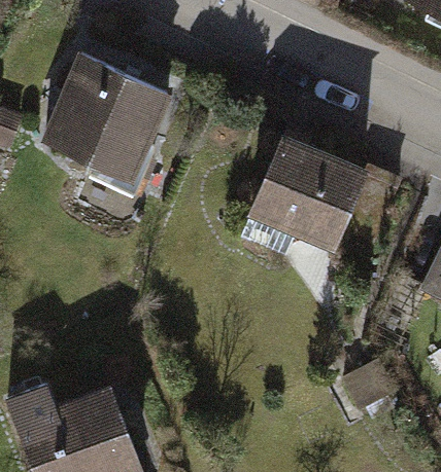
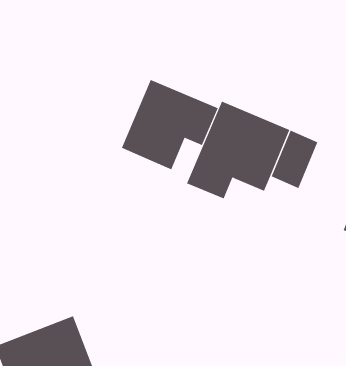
building: [42,55,167,179] -> none
building: none -> [121,79,218,170]

